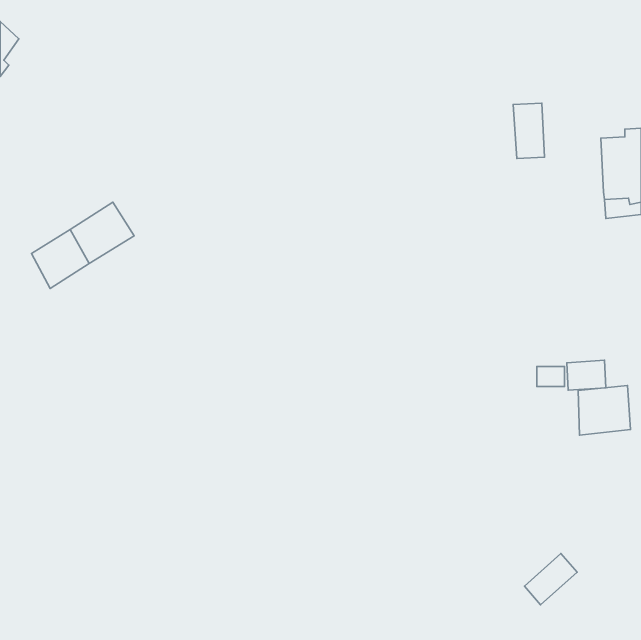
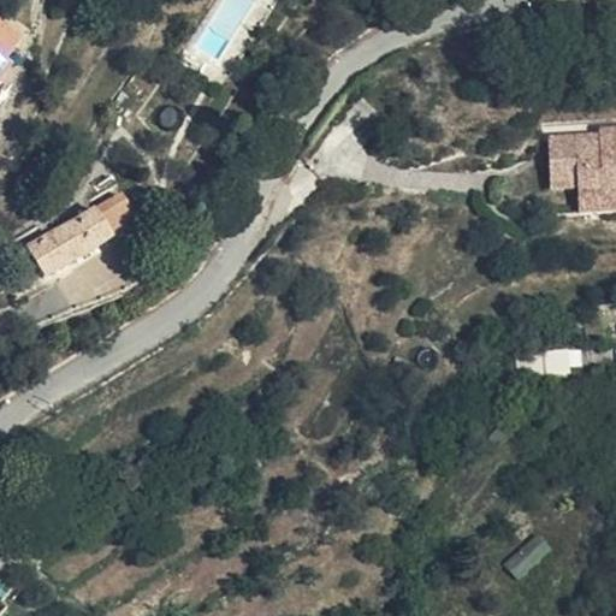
building: [513,103,544,158] -> [549,132,579,185]
building: [578,386,630,435] -> none

